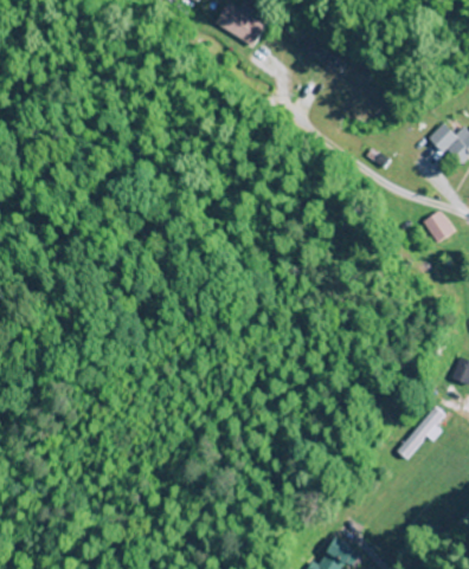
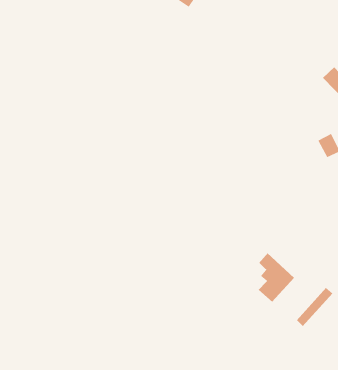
building: none -> [258,252,295,302]

